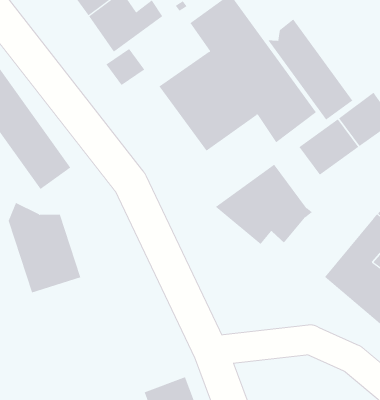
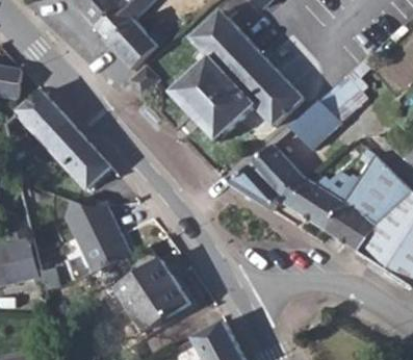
building: [267,19,353,121] -> none
building: none -> [289,170,358,229]
building: none -> [117,260,188,331]

